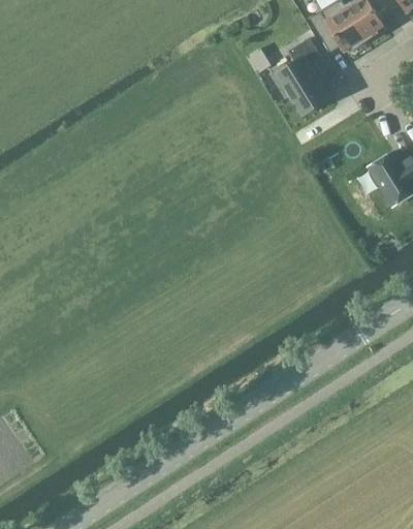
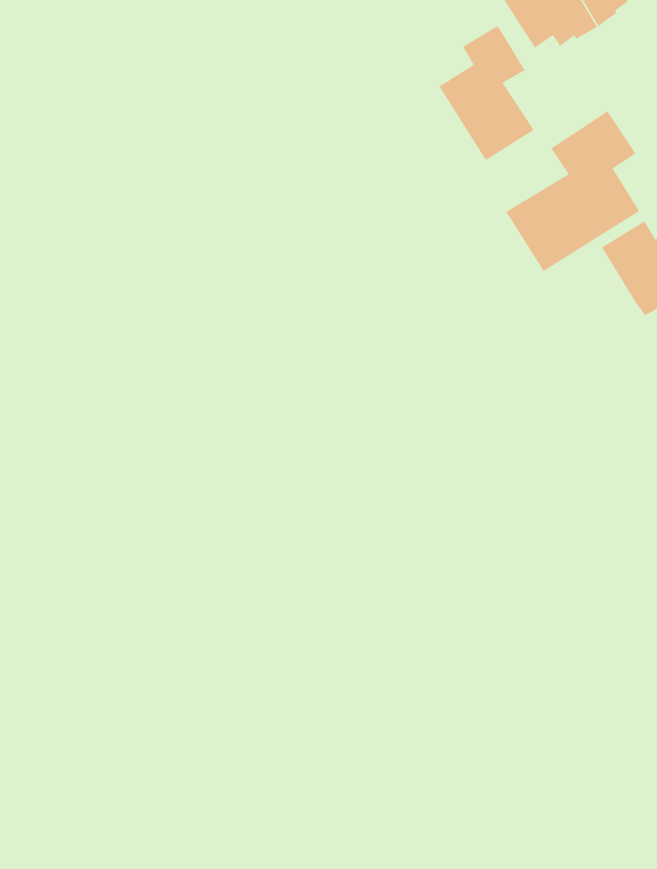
building: none -> [505,110,640,272]

